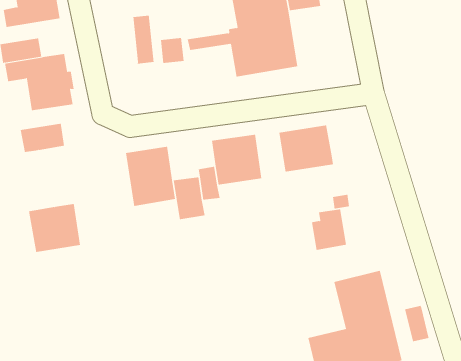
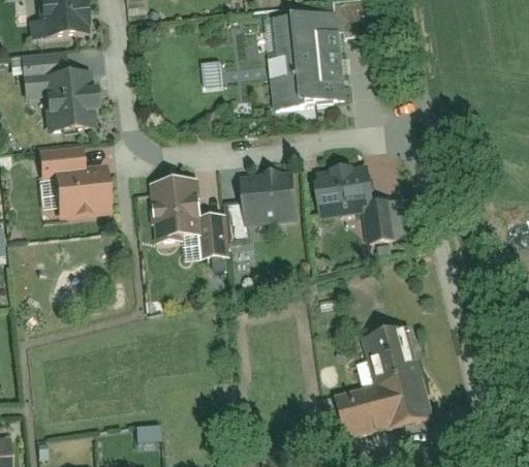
building: [133,15,154,64] -> none
building: [28,204,81,253] -> [56,167,111,218]
building: [311,209,347,250] -> [366,196,403,240]
building: [405,305,429,342] -> none

